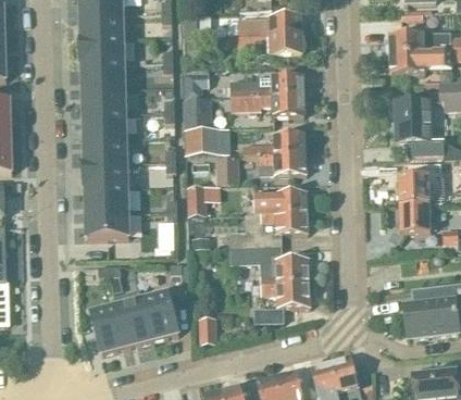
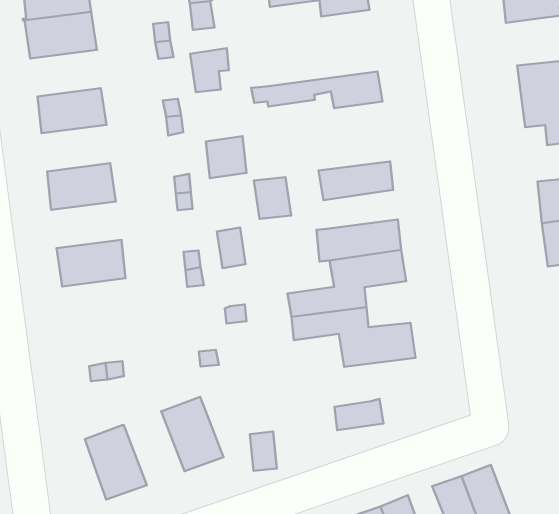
building: [80,63,124,89] -> none
building: [229,75,303,98] -> none
building: [185,98,210,127] -> none
building: [83,112,125,138] -> none
building: [244,134,306,155] -> none
building: [83,162,127,189] -> none
building: [86,212,128,238] -> none
building: [262,283,310,308] -> none
building: [113,289,152,347] -> none

